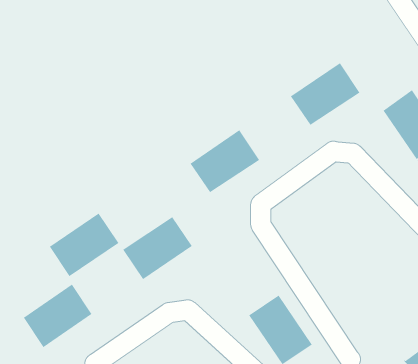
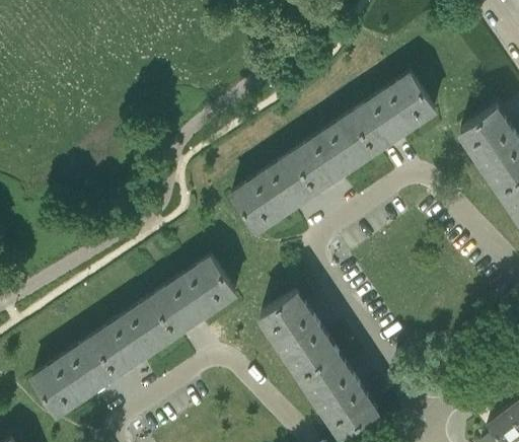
building: none -> [290,116,374,192]
building: [49,212,119,277] -> [90,298,174,375]
building: none -> [260,292,337,376]

